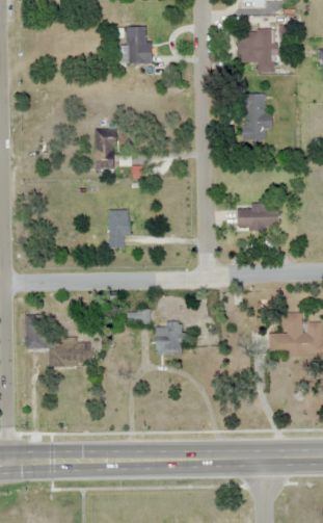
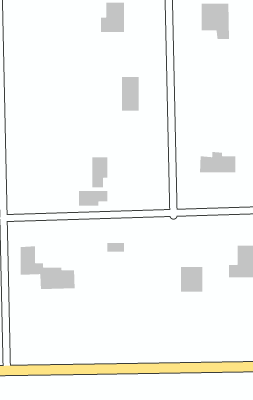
building: [244,95,273,140] -> none
building: [96,129,117,171] -> [121,76,140,111]
building: none -> [78,190,108,207]
building: [156,323,183,355] -> [180,266,203,293]

